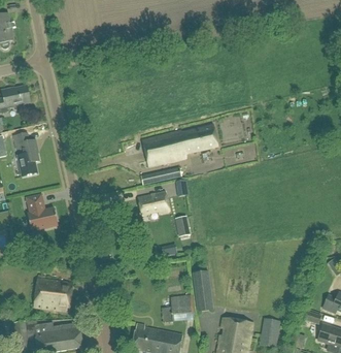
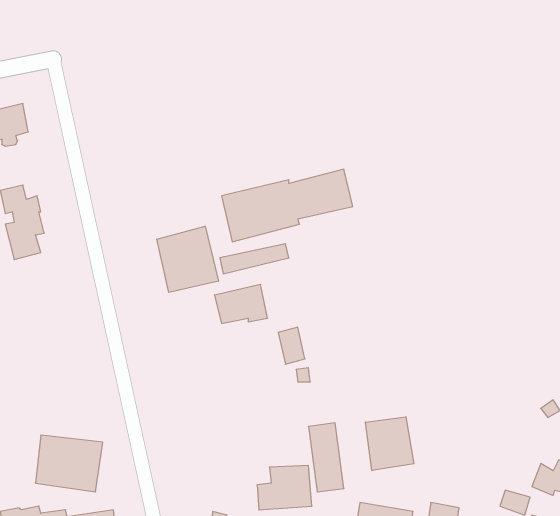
building: none -> [157,226,219,292]
building: [25,193,57,232] -> none
building: none -> [365,417,414,471]

